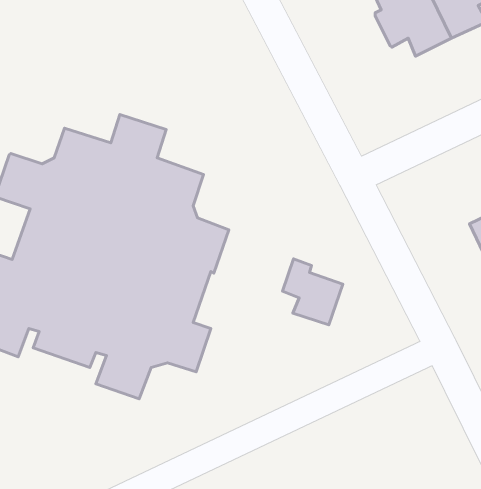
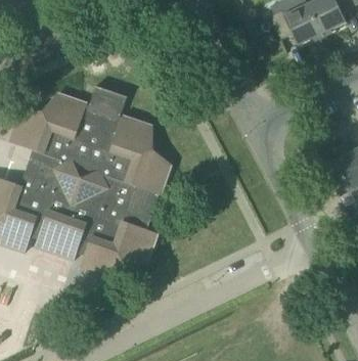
building: [282,259,343,325] -> none

